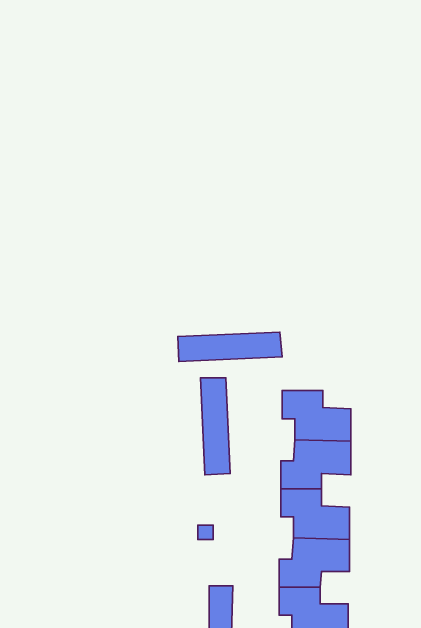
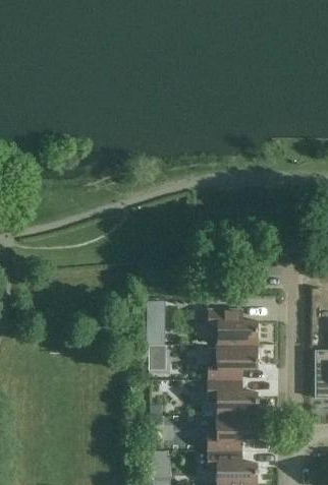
building: [178,332,282,361] -> none

